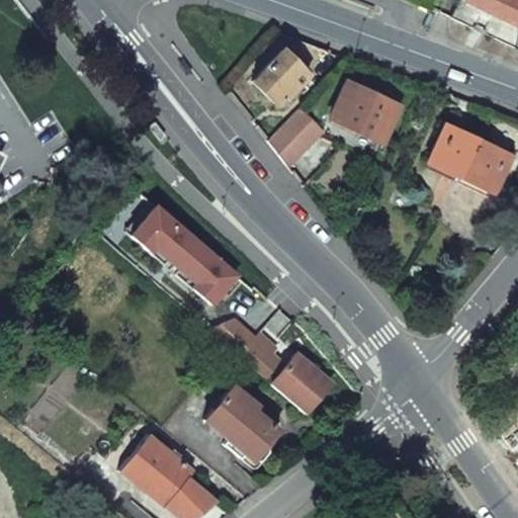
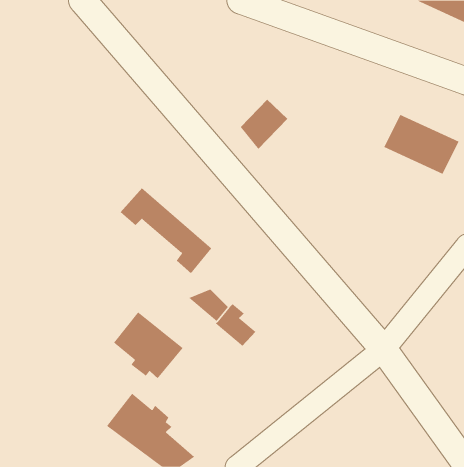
building: [256,49,314,104] -> none
building: [333,86,400,143] -> none
building: [272,354,333,414] -> none
building: [205,386,283,461] -> [113,311,184,379]

